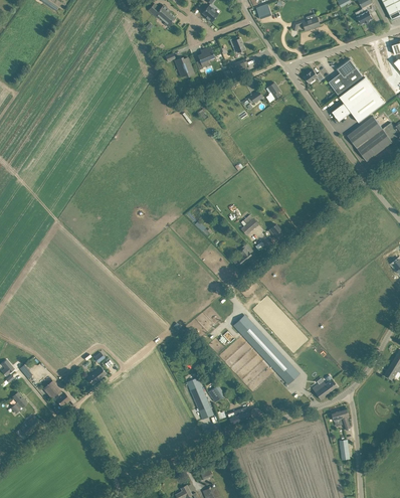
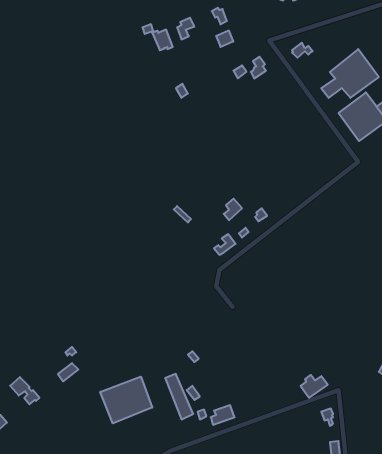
building: [329,59,363,95] -> none
building: [235,317,301,385] -> none
building: none -> [100,377,152,423]

